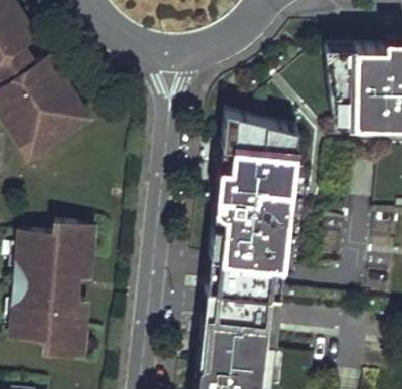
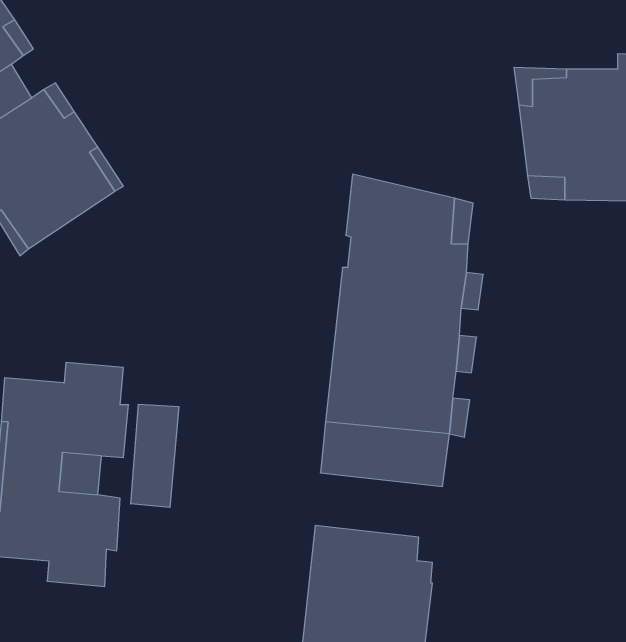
building: none -> [131,404,179,507]
building: [204,287,279,341] -> none

